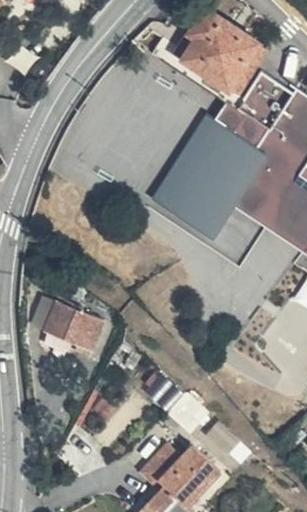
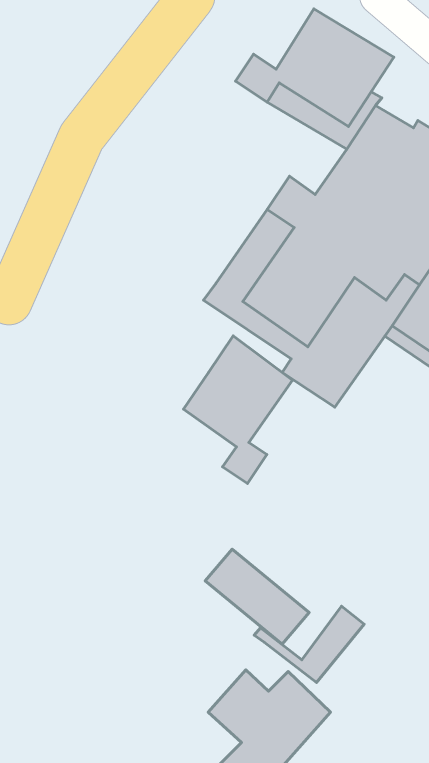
building: none -> [184,336,292,483]
building: [49,300,103,346] -> none
building: none -> [254,606,364,682]

